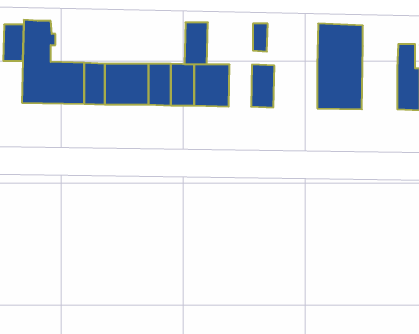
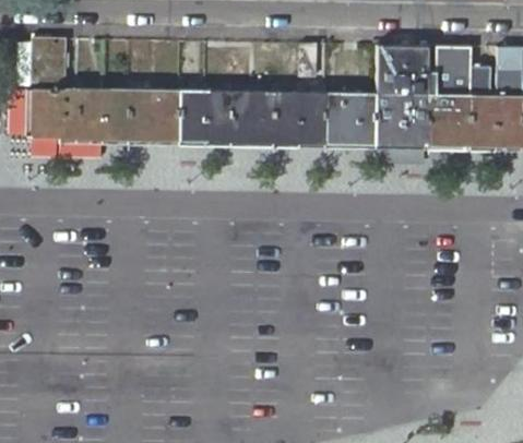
building: [185,22,208,64] -> [273,93,300,142]
building: none -> [429,47,472,145]
building: none -> [325,94,377,144]

